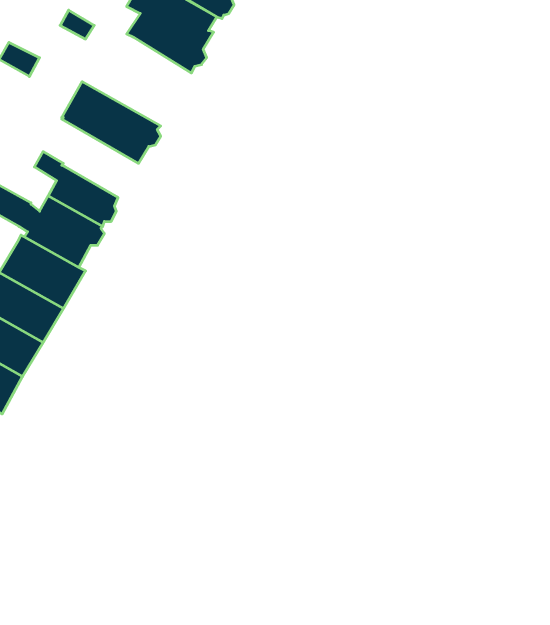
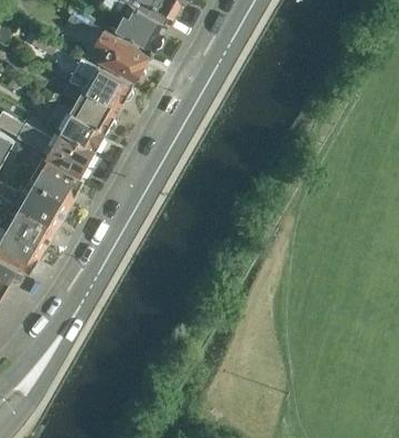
building: none -> [86,29,147,81]
building: none -> [60,81,115,132]

